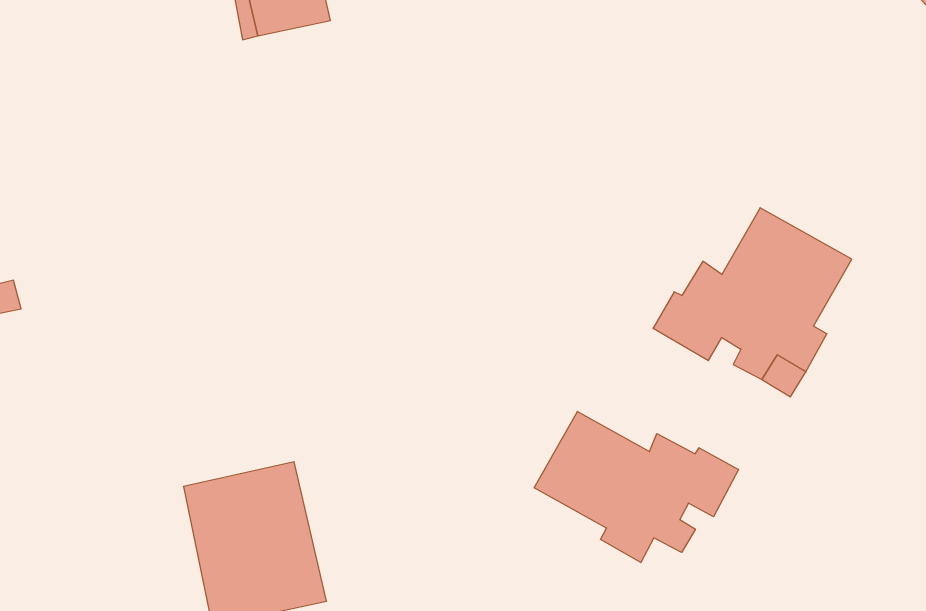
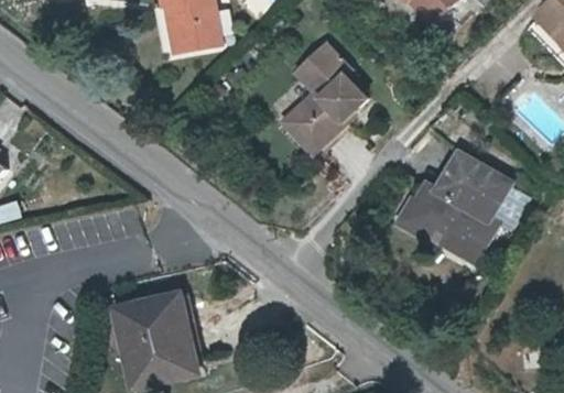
building: none -> [281,44,364,154]
building: [534,411,739,563] -> none

